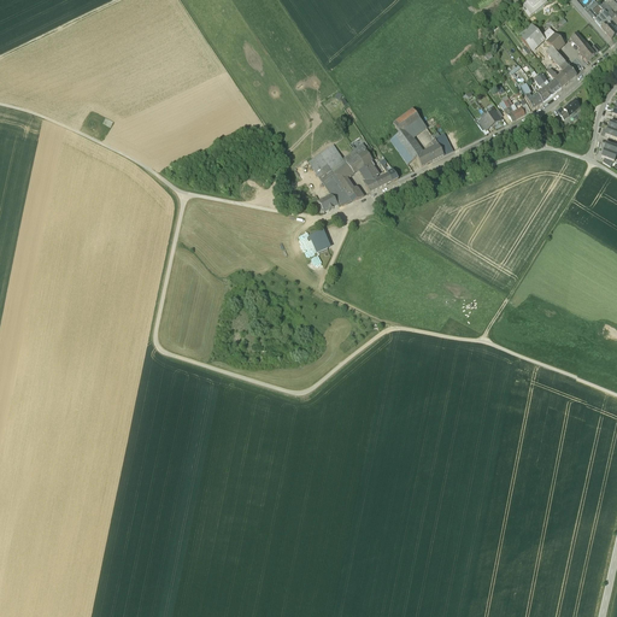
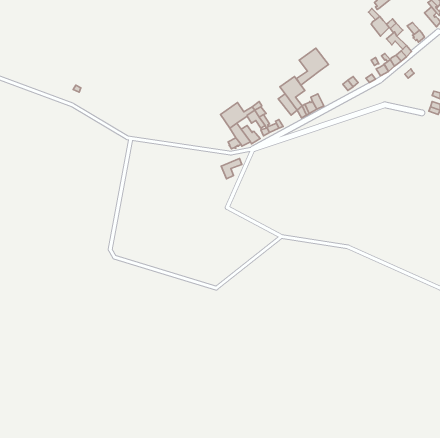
building: none -> [297,48,329,85]

